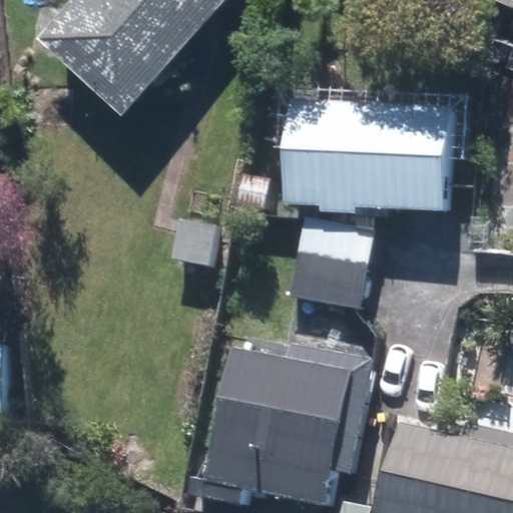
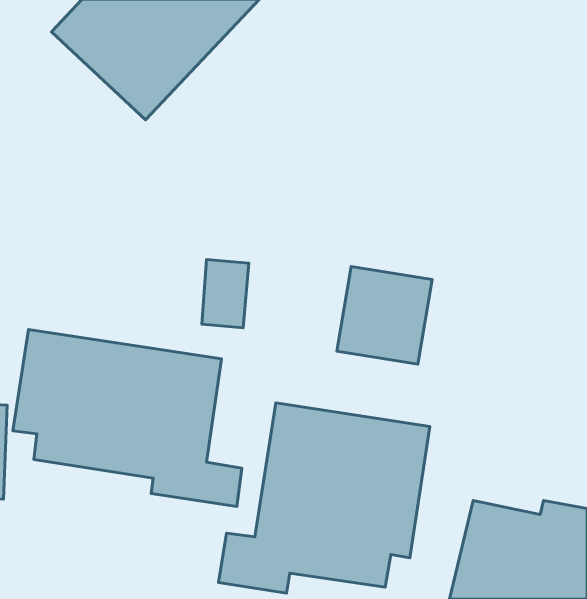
building: [288,105,453,217] -> none
building: none -> [13,329,242,506]

